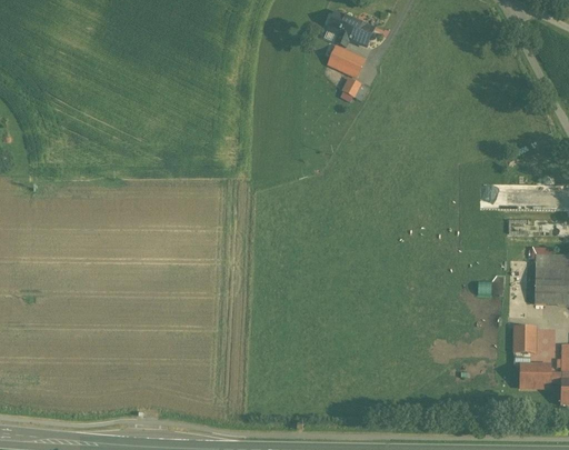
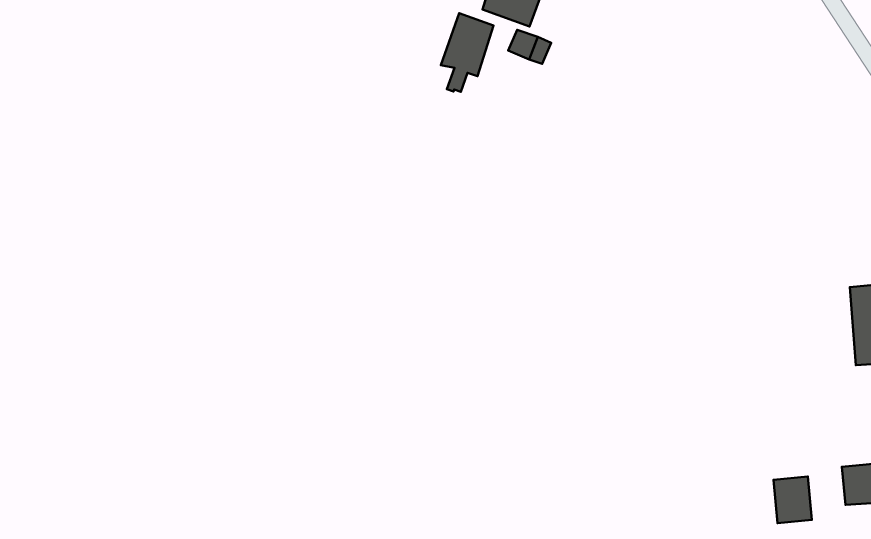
building: none -> [441,13,494,92]
building: [515,327,536,353] -> [773,477,812,523]

